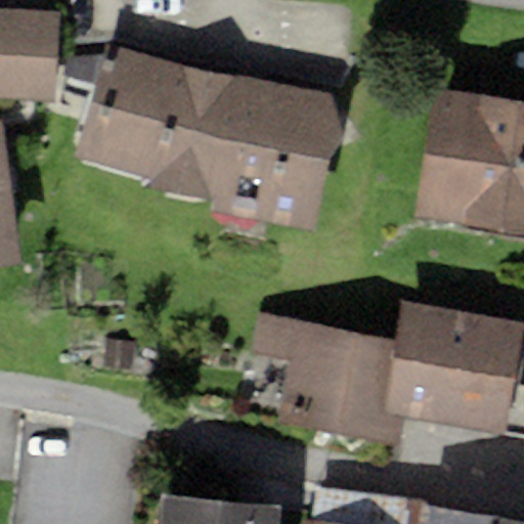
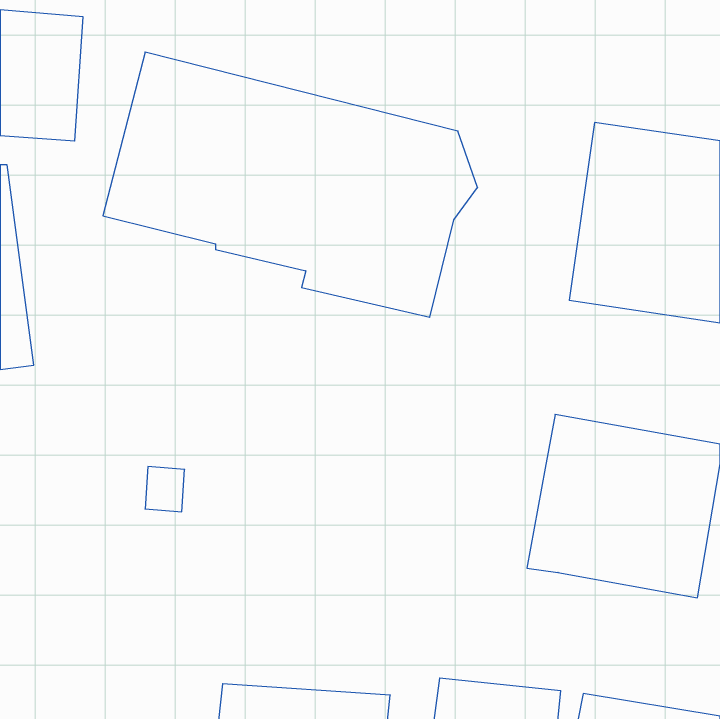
building: [254,316,405,444] -> none

